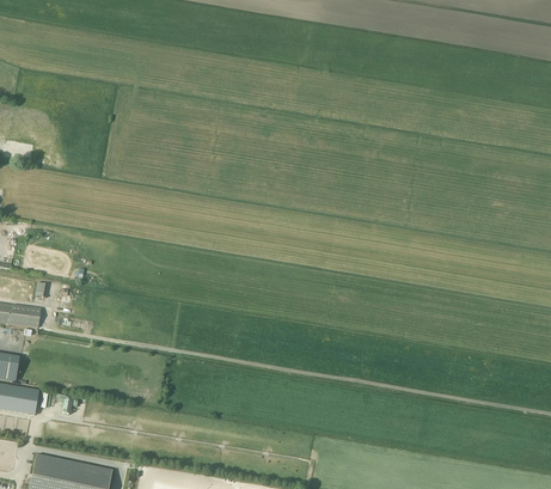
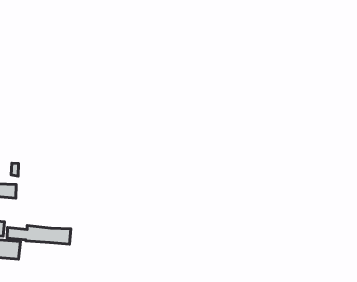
building: none -> [7,225,71,244]

